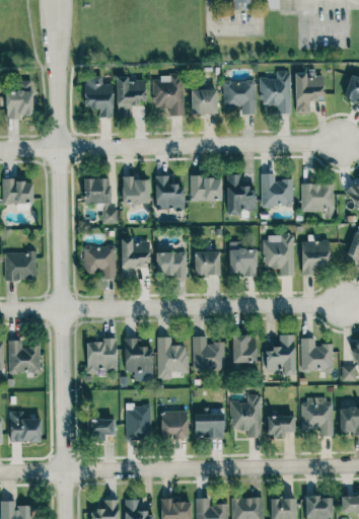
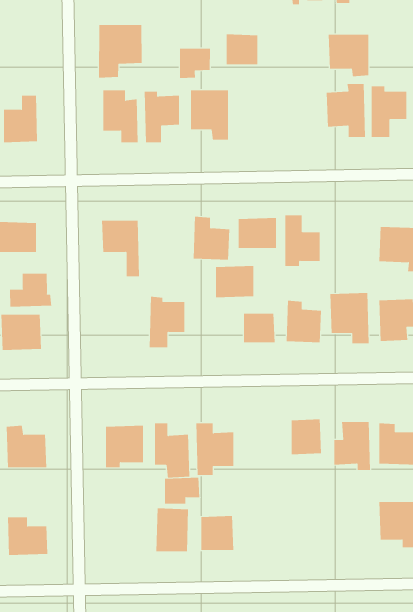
building: none -> [98,24,142,78]
building: none -> [179,48,210,79]
building: [223,81,256,115] -> [328,34,369,77]
building: [192,89,217,114] -> [226,34,258,65]
building: [261,173,293,207] -> none
building: [122,177,149,204] -> none
building: none -> [10,273,52,308]
building: [84,245,116,279] -> none
building: [156,251,187,277] -> [215,265,254,298]
building: [193,337,225,370] -> none
building: [230,395,262,438] -> none
building: [195,409,223,438] -> none
building: [267,416,295,436] -> none
building: [87,419,116,440] -> [164,477,200,504]

